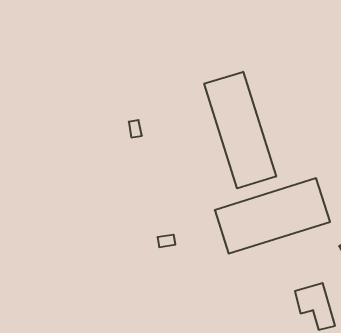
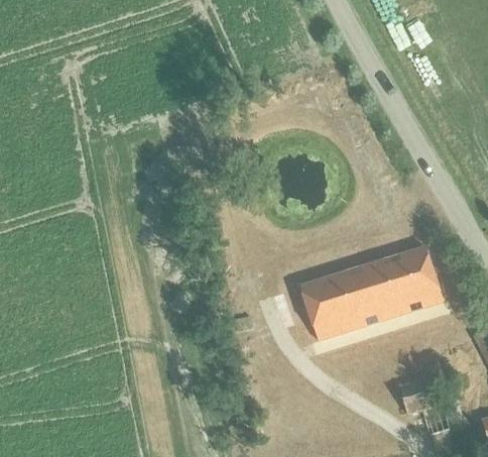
building: [204,72,276,188] -> none

